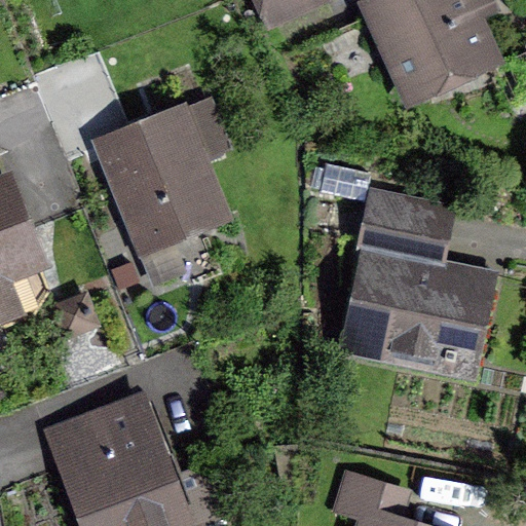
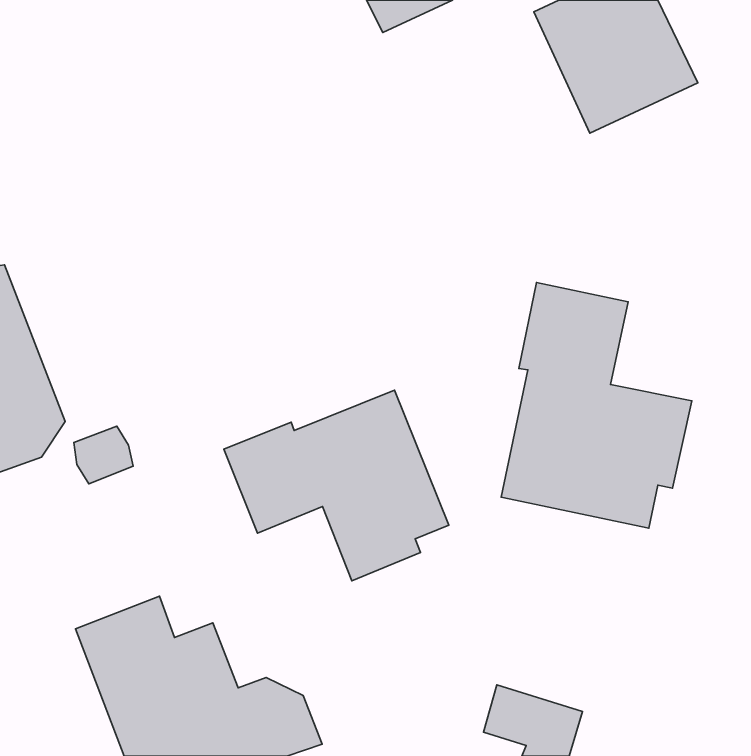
building: [98,105,220,248] -> none
building: none -> [224,390,449,581]

